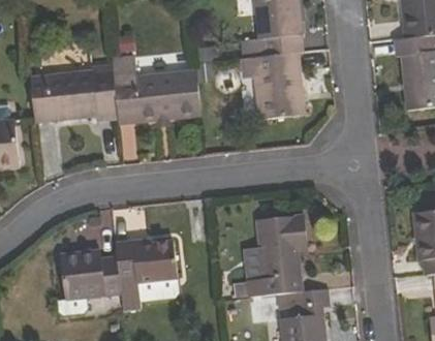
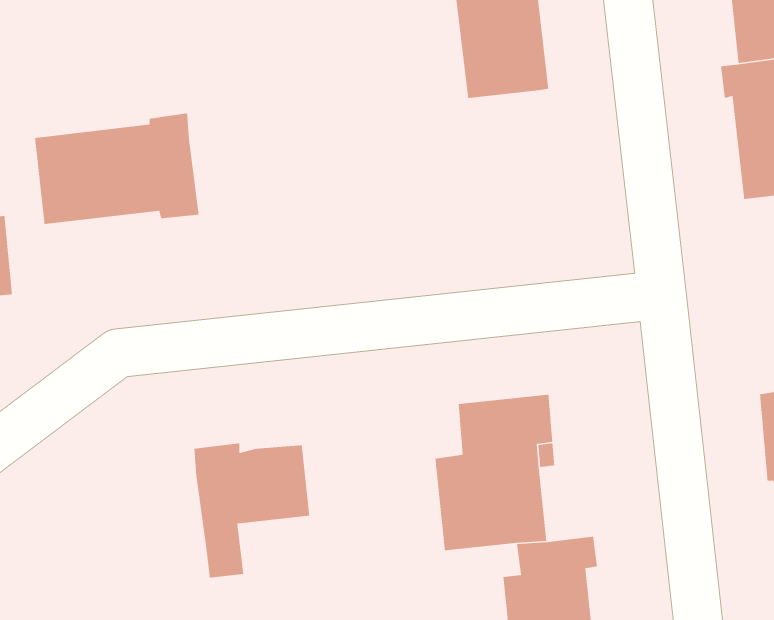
building: [252,53,305,119] -> none
building: [113,69,200,125] -> none
building: [60,250,121,301] -> none

